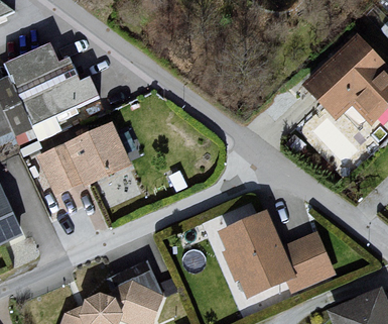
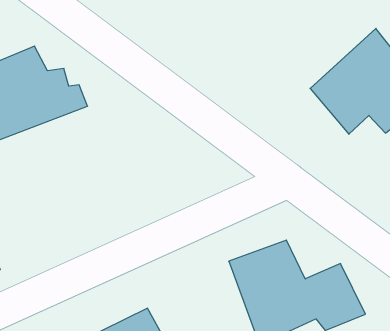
building: [33,122,136,199] -> none

